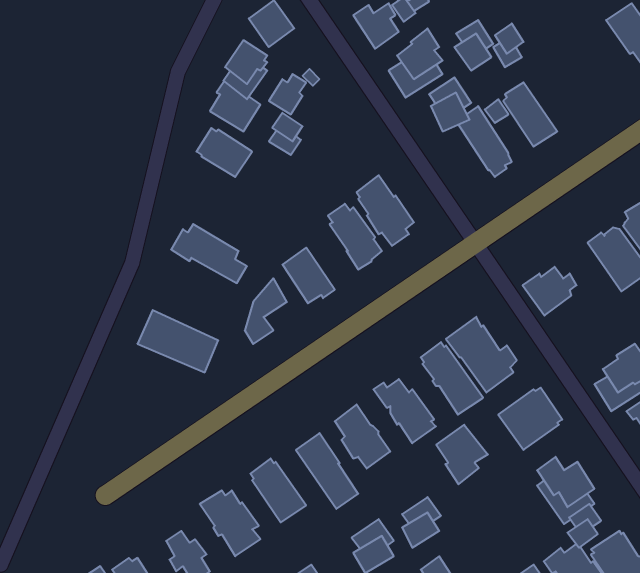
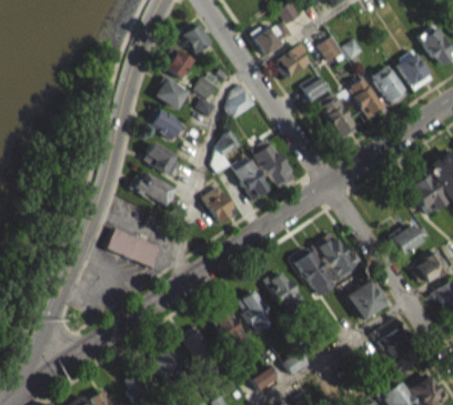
building: none -> [397,49,433,91]
building: none -> [373,64,407,104]
building: none -> [226,84,255,120]
building: none -> [144,141,180,176]
building: [523,267,577,316] -> [390,223,425,255]
building: [245,278,287,344] -> [213,130,241,173]
building: [436,425,488,484] -> none

